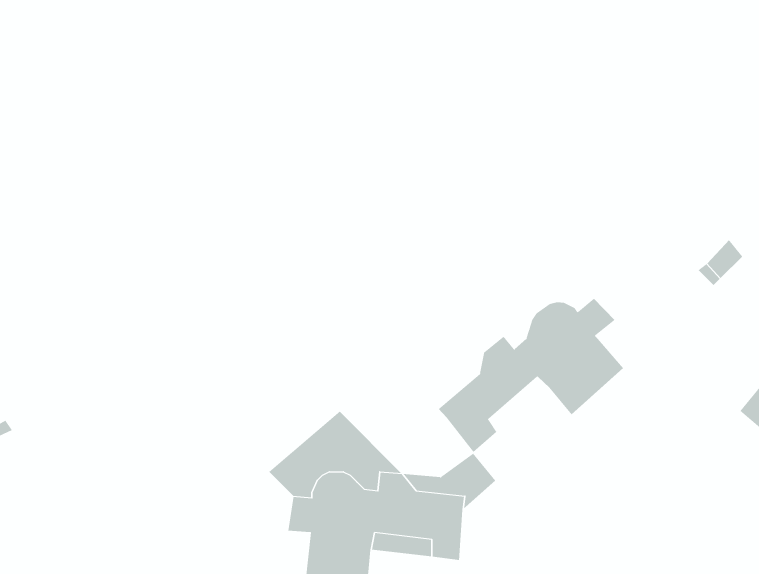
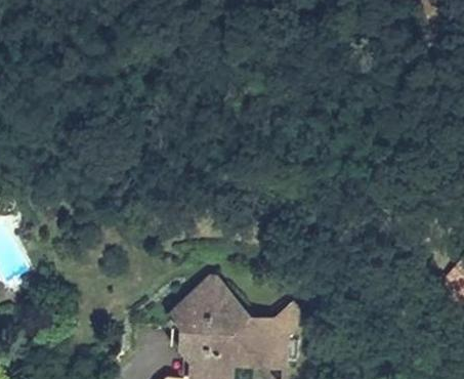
building: [438,298,624,453] -> none

